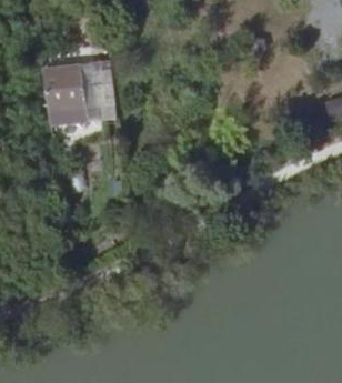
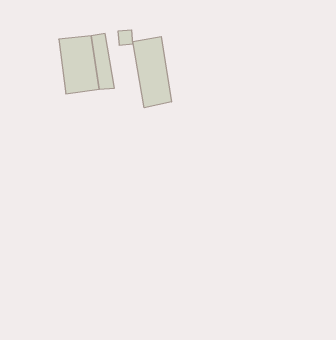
building: none -> [133,37,171,108]

